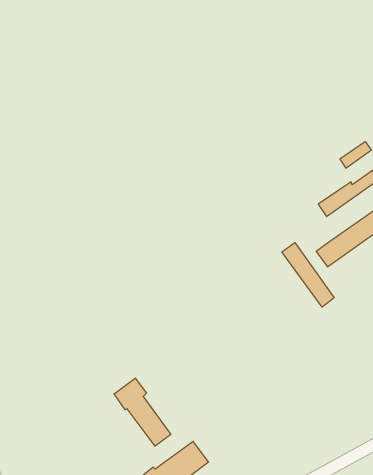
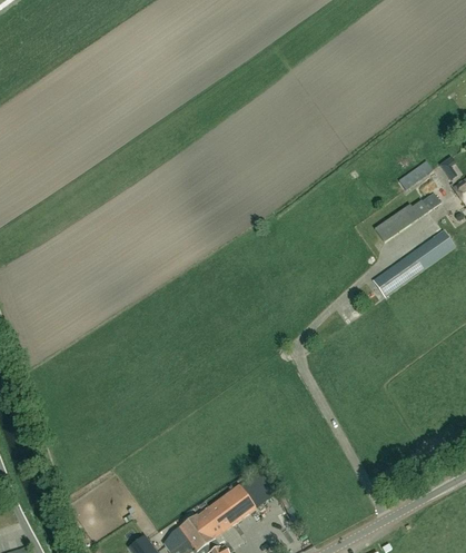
building: [282,243,334,307] -> none
building: [114,378,171,446] -> none

